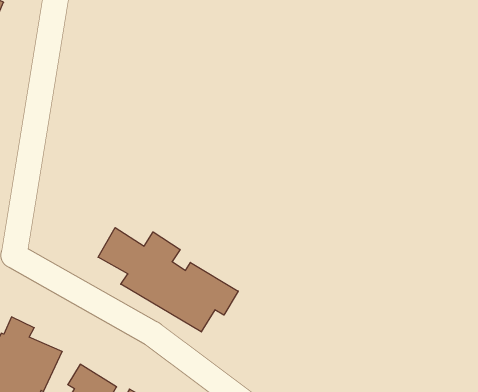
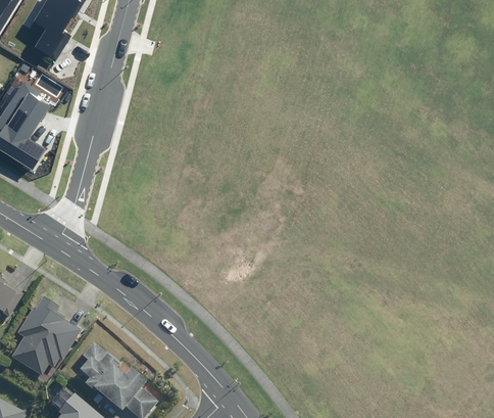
building: [98,228,238,332] -> none

